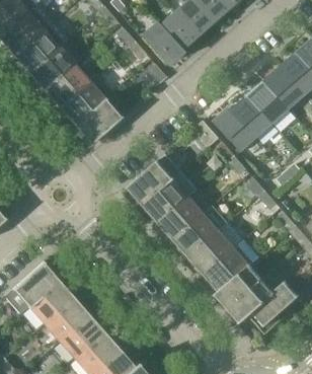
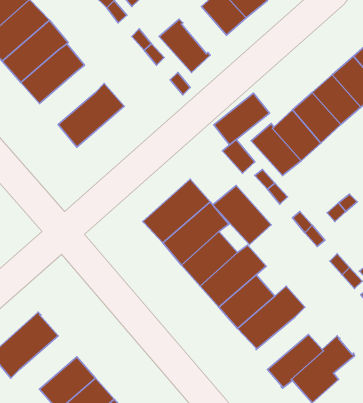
building: [158,11,194,50] -> none
building: [43,64,88,107] -> none
building: none -> [214,93,269,145]
building: [73,92,128,144] -> none
building: none -> [213,185,271,244]
building: [215,265,261,307] -> none
building: [26,280,73,323] -> none

